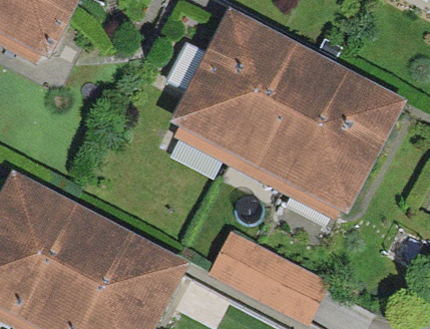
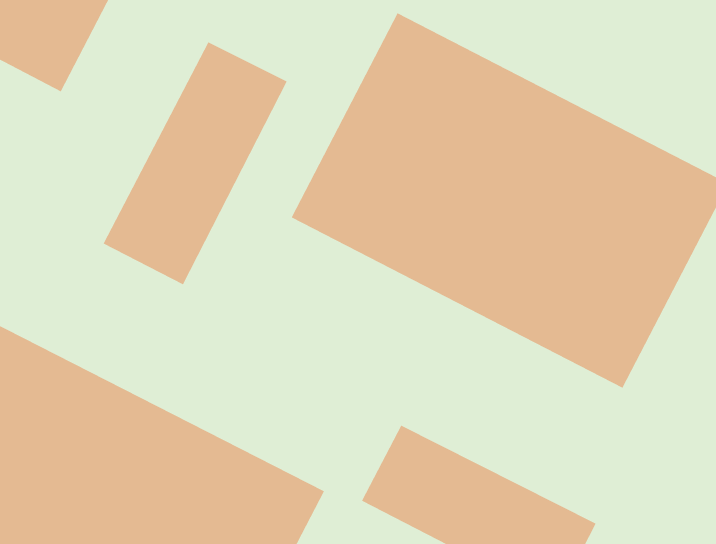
building: none -> [103,41,287,285]

